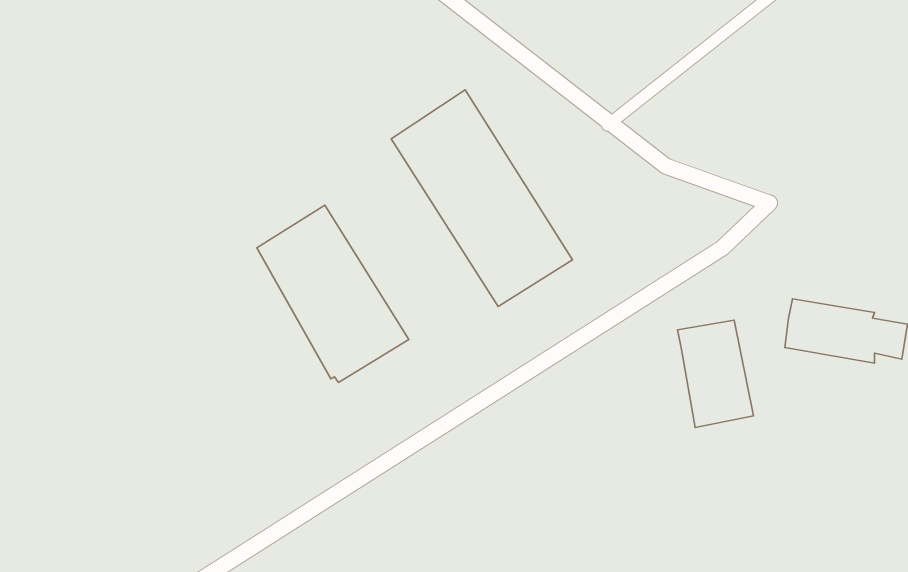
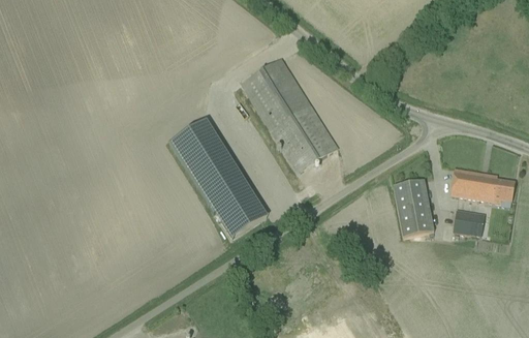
building: none -> [214,191,267,240]
building: none -> [454,210,485,237]

